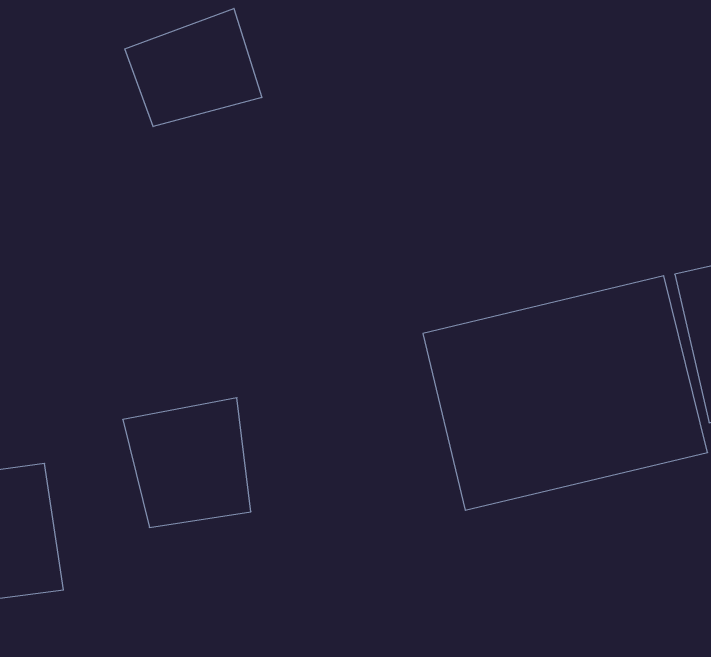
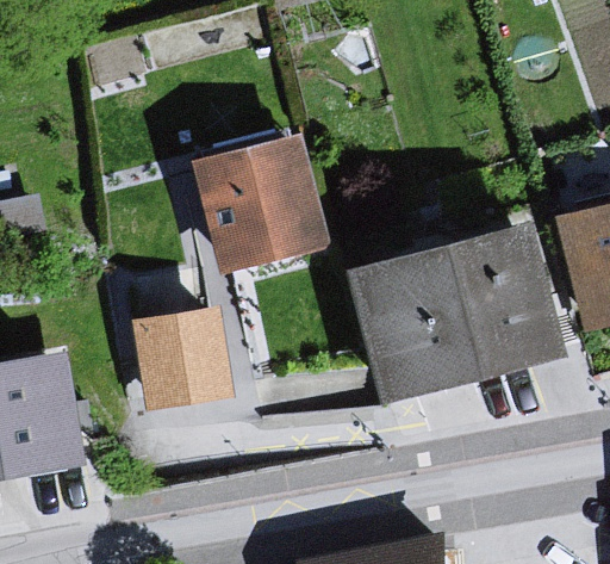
building: [125,8,262,127] -> none
building: none -> [178,134,325,278]

